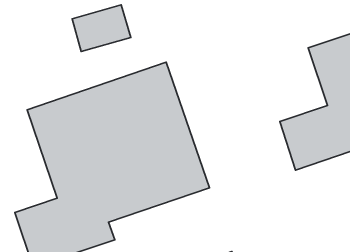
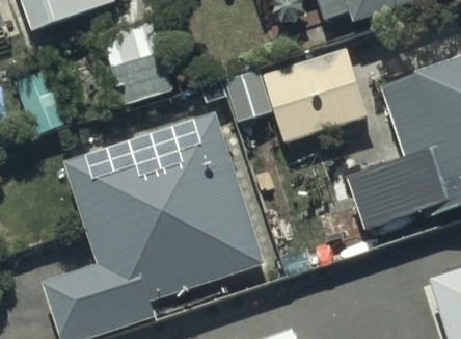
building: none -> [257,50,372,147]

